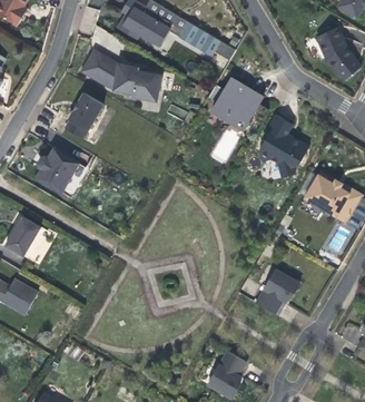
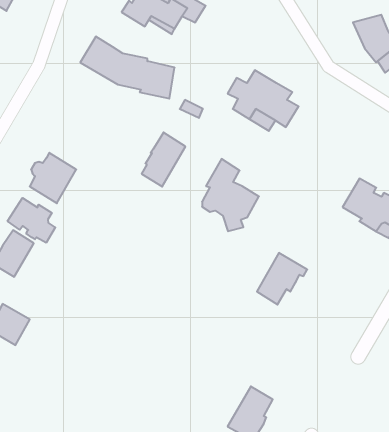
building: [178,21,235,59] -> none
building: [65,91,102,138] -> [142,132,185,187]
building: [259,114,308,176] -> [202,159,259,231]
building: none -> [8,198,55,243]
building: [256,268,299,313] -> [257,253,307,305]

